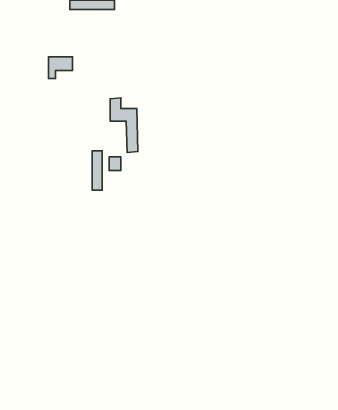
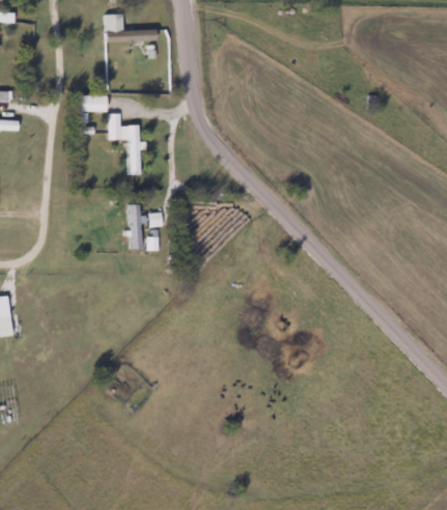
building: [110,98,138,152] -> [108,112,140,175]

